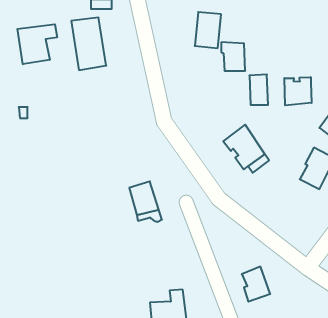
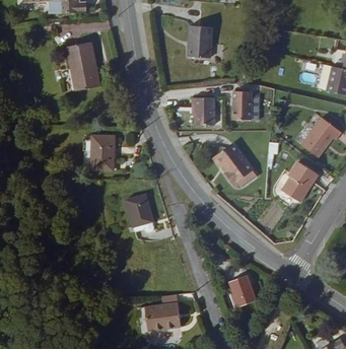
building: [17,24,57,64] -> none
building: [221,42,245,71] -> [195,99,217,126]
building: [284,77,312,105] -> none
building: none -> [89,134,112,167]

